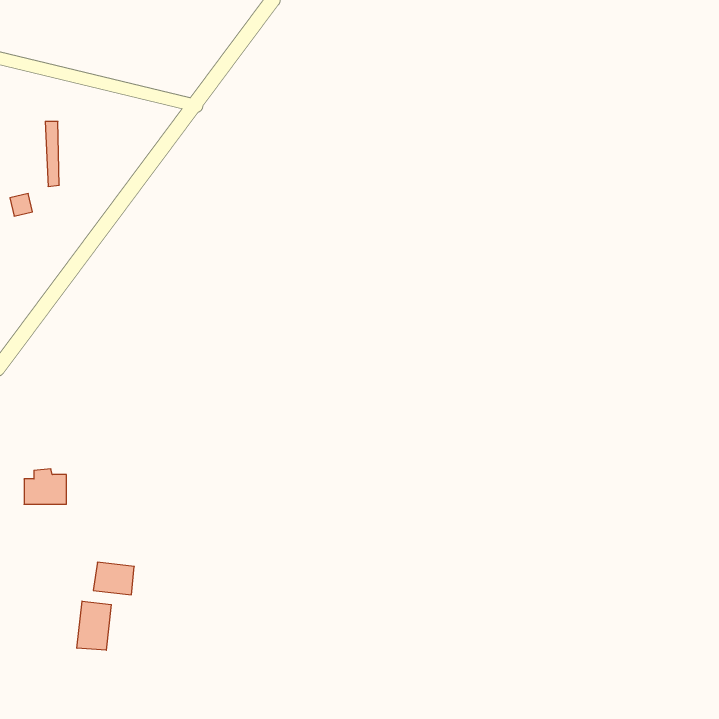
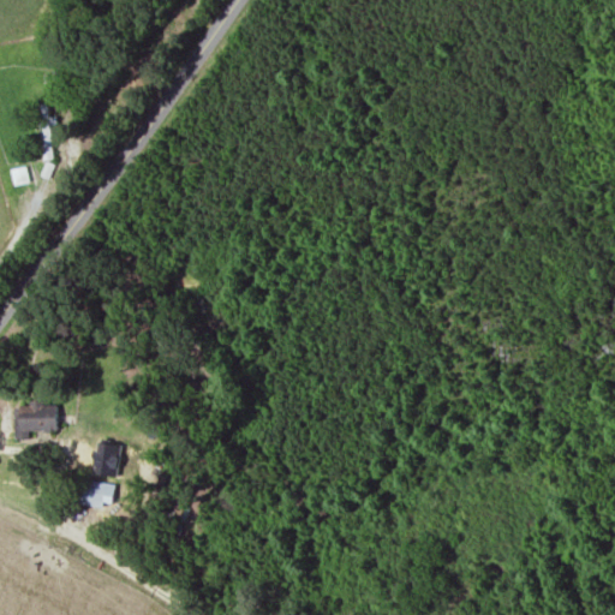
building: none -> [94,443,120,478]
building: [77,601,111,650] -> none

